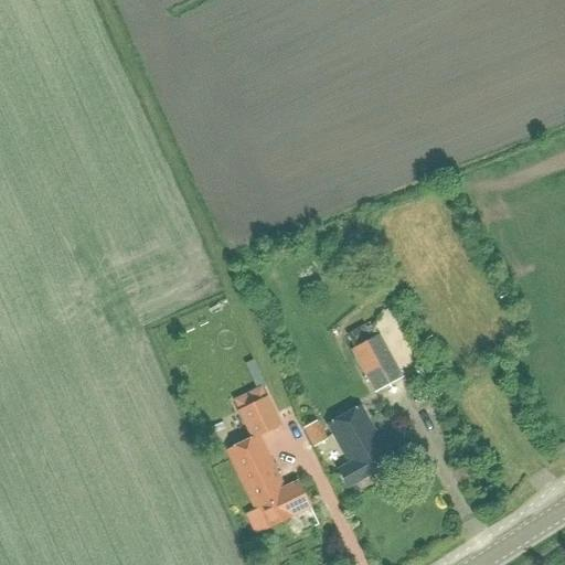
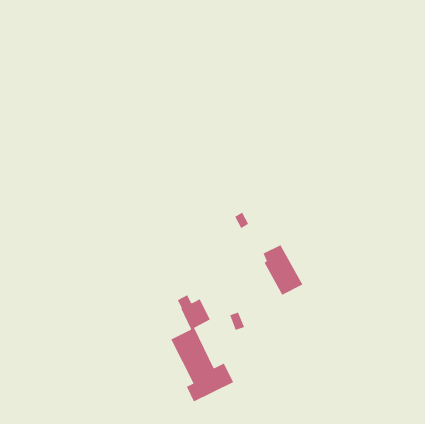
building: [327,404,396,486] -> none

